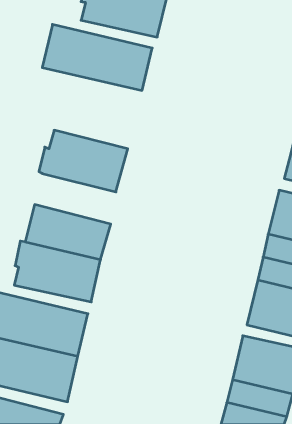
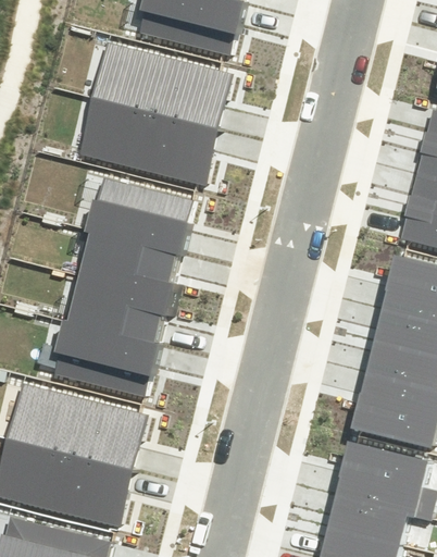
building: none -> [76,97,217,184]
building: none -> [79,233,184,298]

